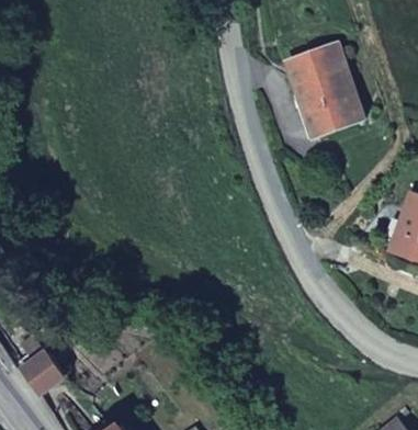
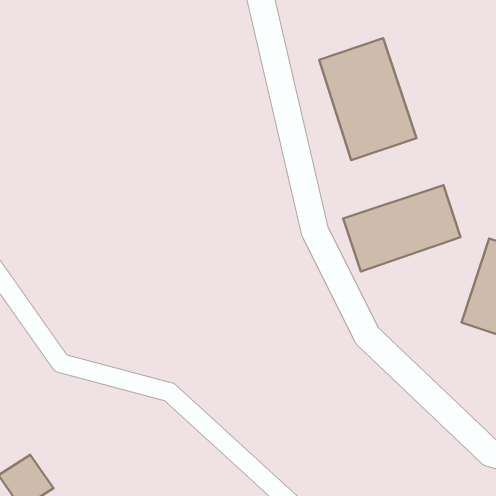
building: none -> [343,185,460,272]

